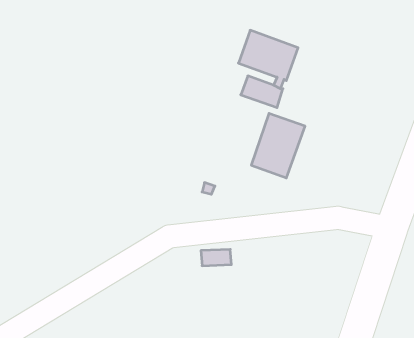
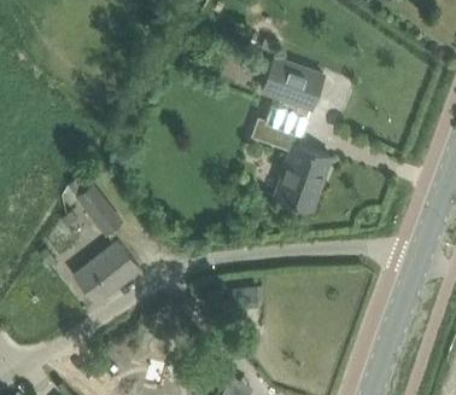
building: none -> [76,185,122,236]
building: none -> [74,242,140,304]

